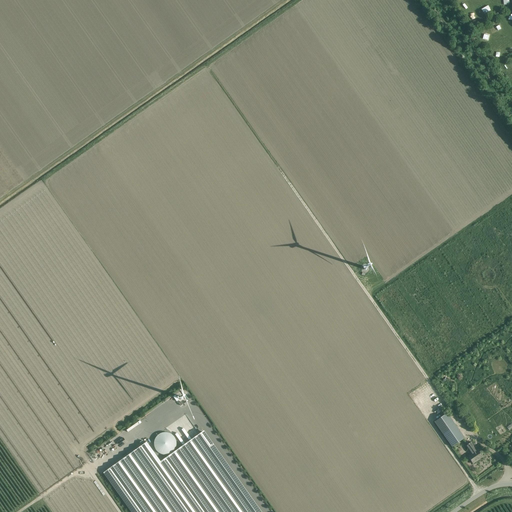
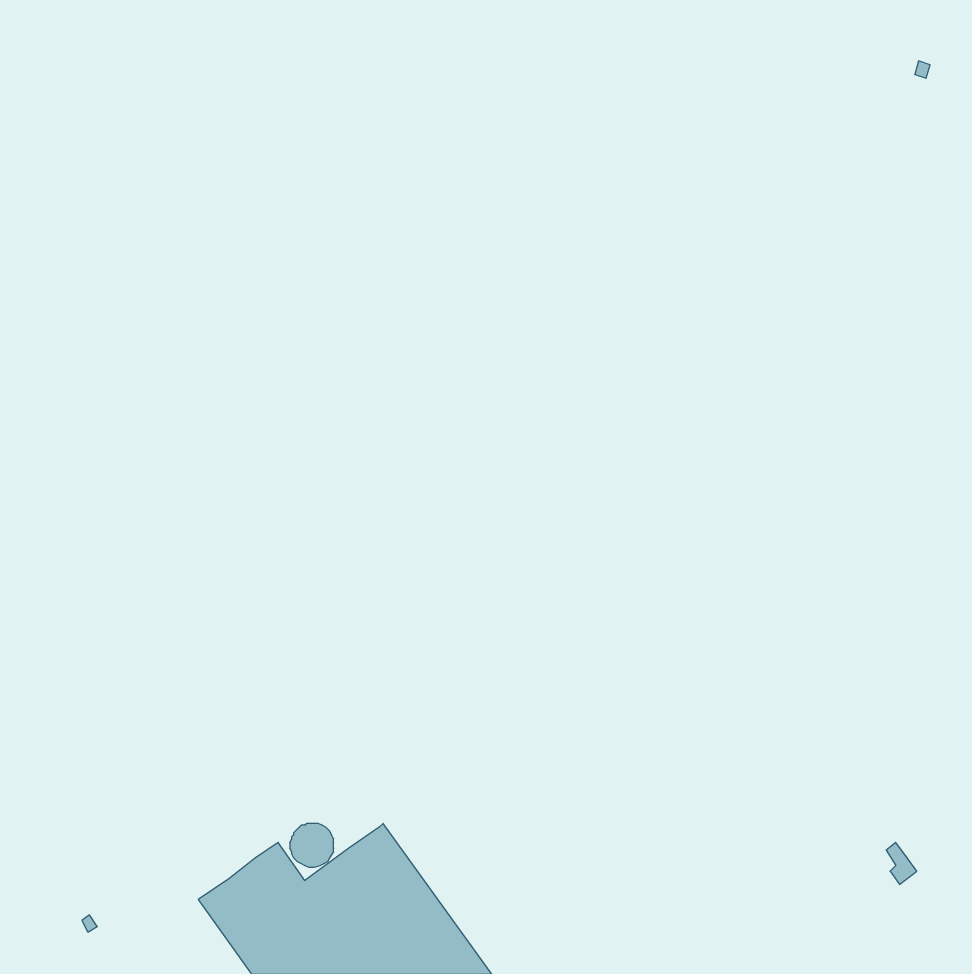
building: [433,413,463,447] -> none

